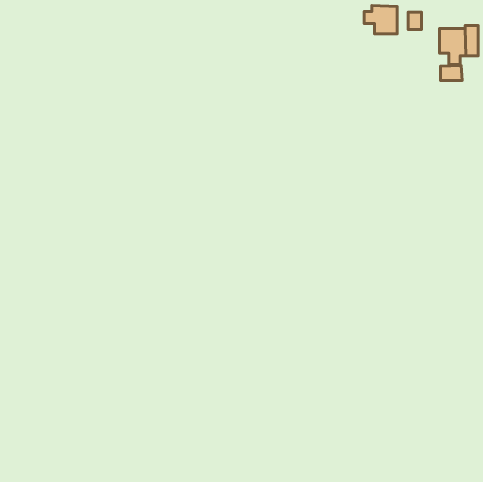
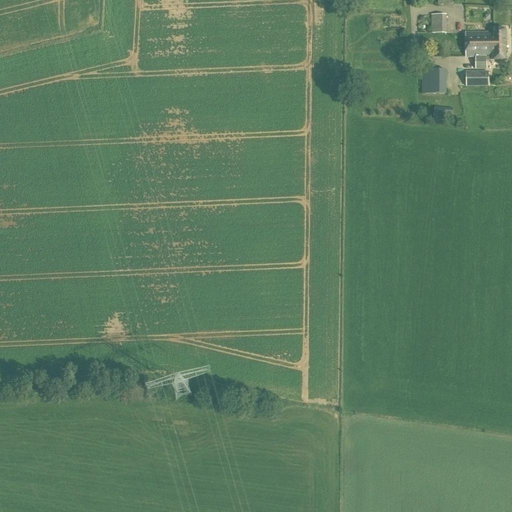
building: [364,5,397,34] -> none
building: none -> [421,68,446,92]

